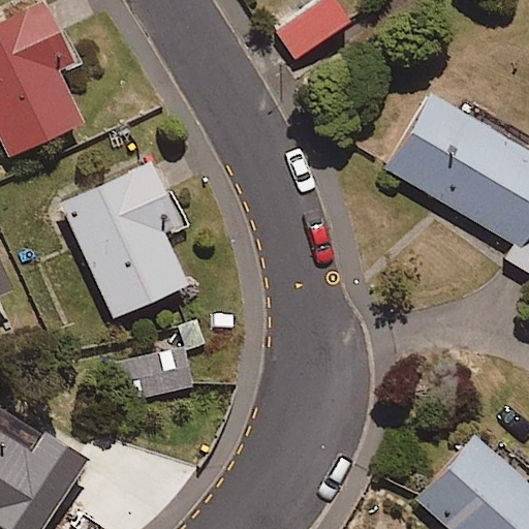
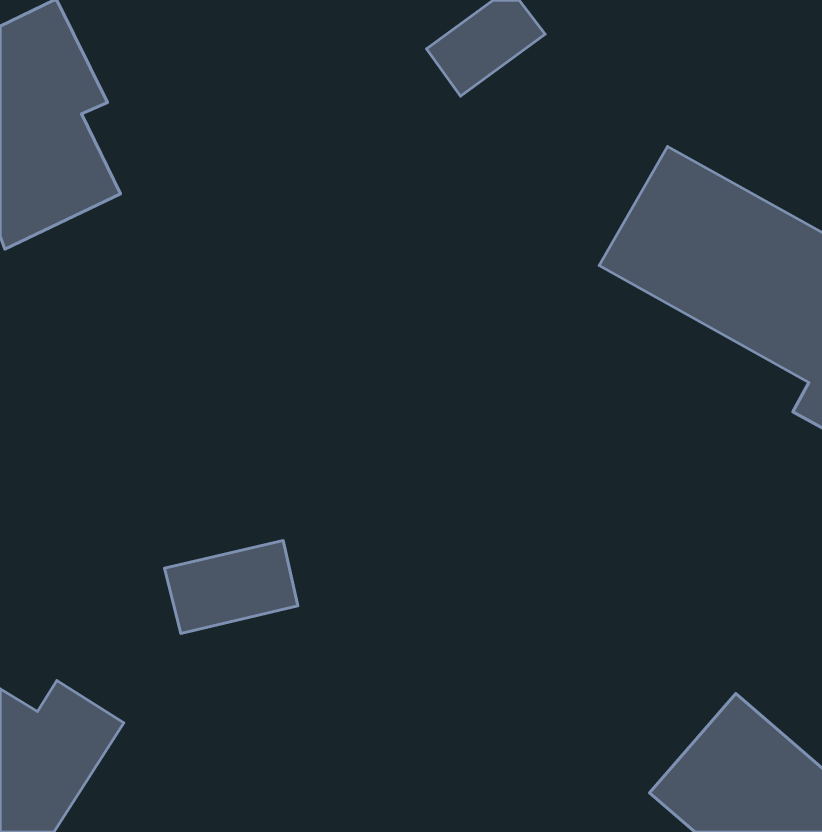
building: [58,160,187,318] -> none

